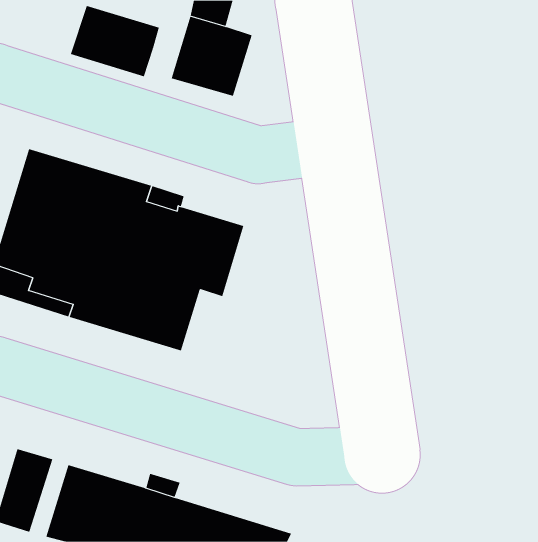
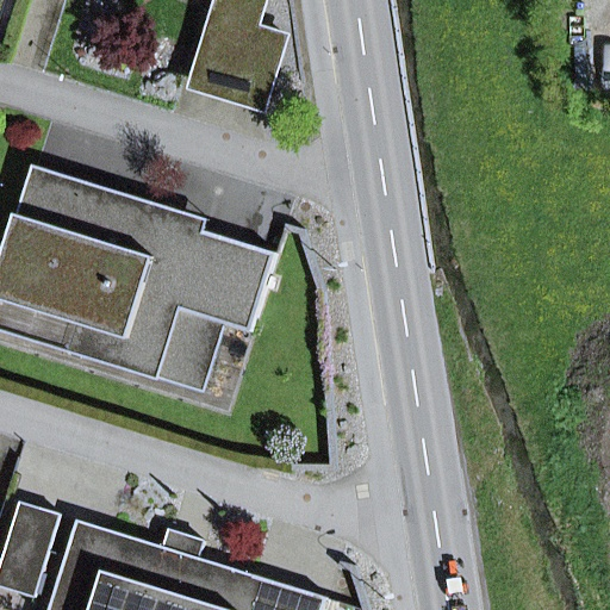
building: [70,5,159,77] -> none

